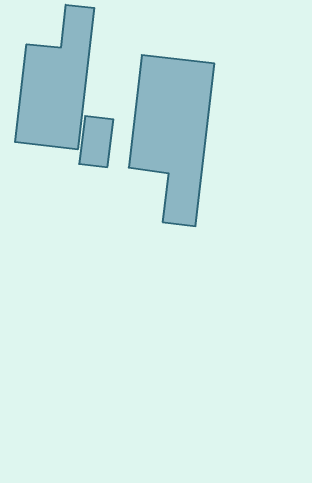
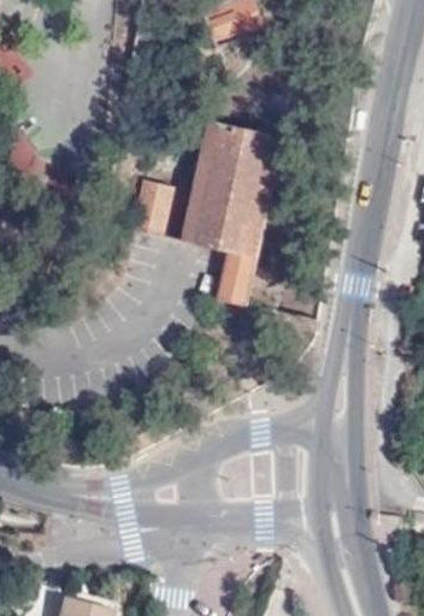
building: [15,5,94,149] -> none

